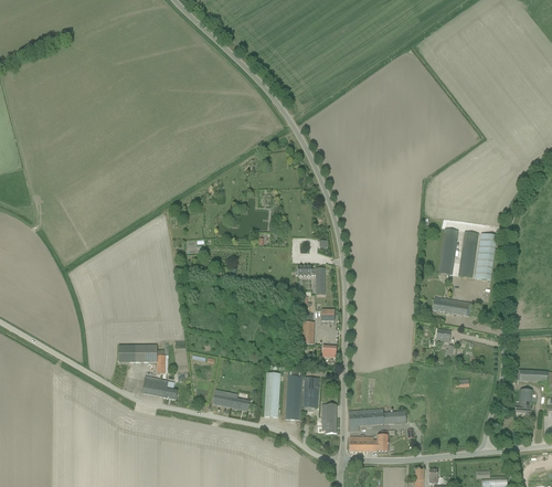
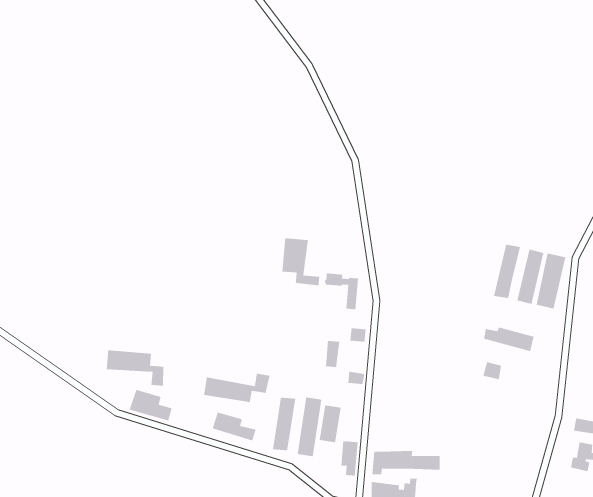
building: none -> [282,238,320,286]
building: none -> [203,373,270,403]

